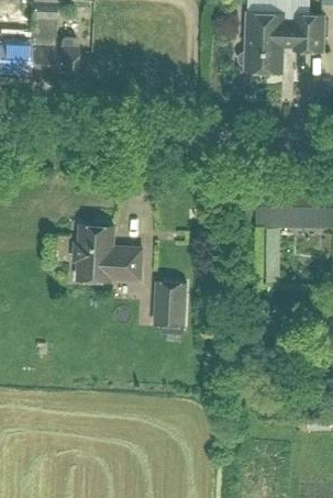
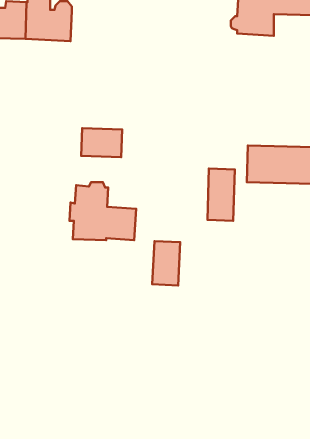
building: none -> [81,128,122,157]
building: none -> [207,168,235,221]

